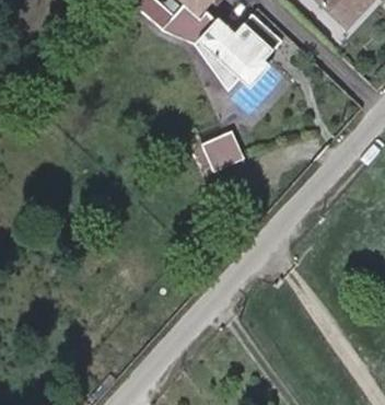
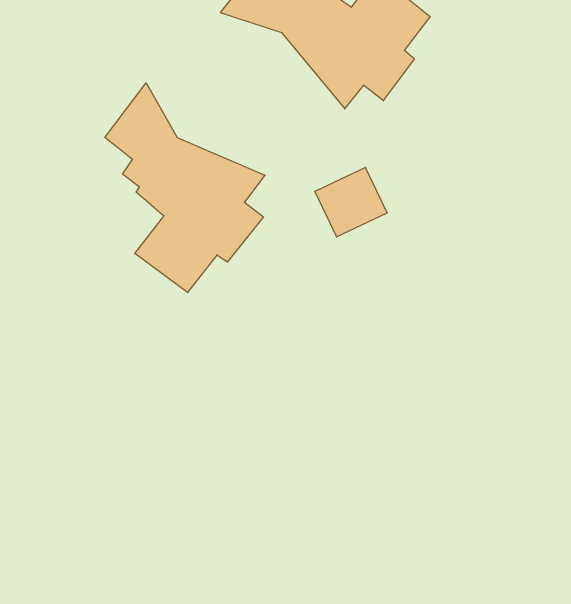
building: none -> [105,83,265,293]

